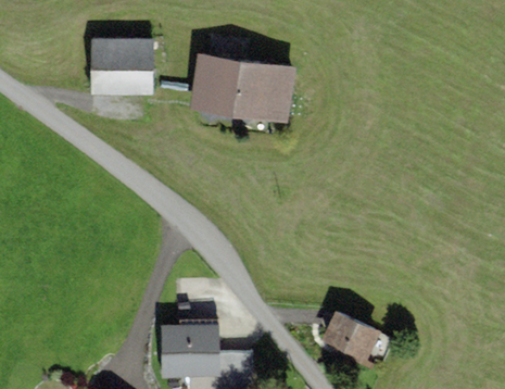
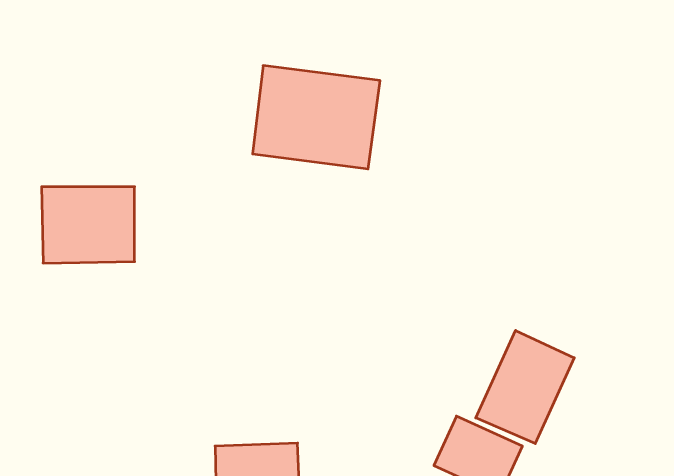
building: [89,37,156,92] -> [42,187,135,263]
building: none -> [476,330,574,444]

